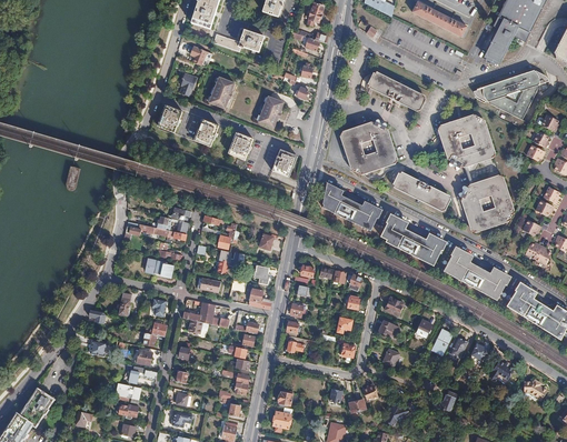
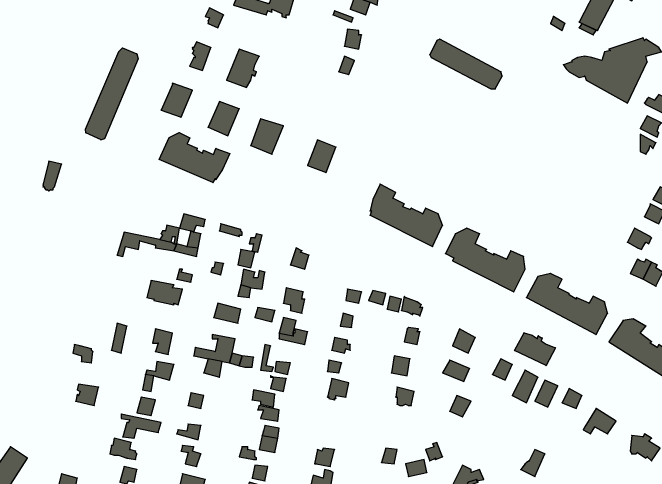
building: none -> [85,48,138,140]
building: [258,98,282,128] -> none
building: [436,113,493,168] -> none
building: [340,120,398,174] -> none
building: none -> [159,133,230,183]
building: [391,171,448,210] -> none
building: [458,174,513,231] -> none
building: none -> [515,333,555,366]

